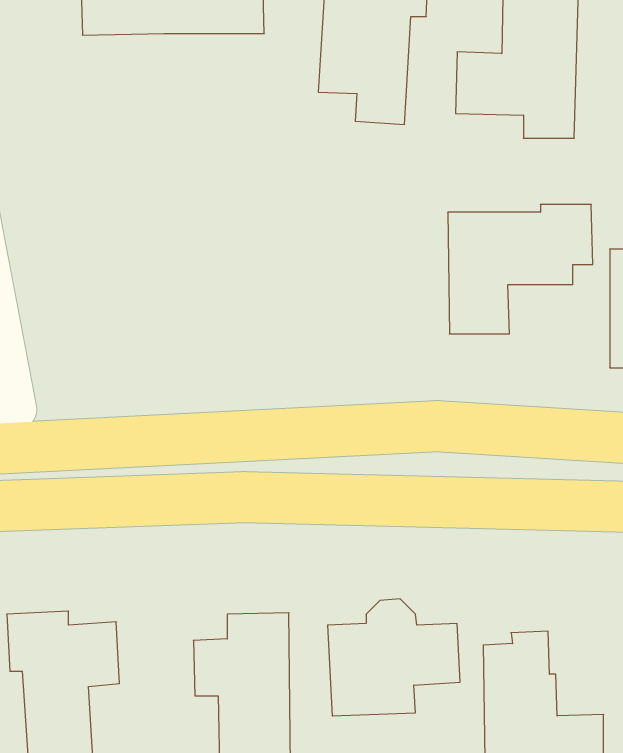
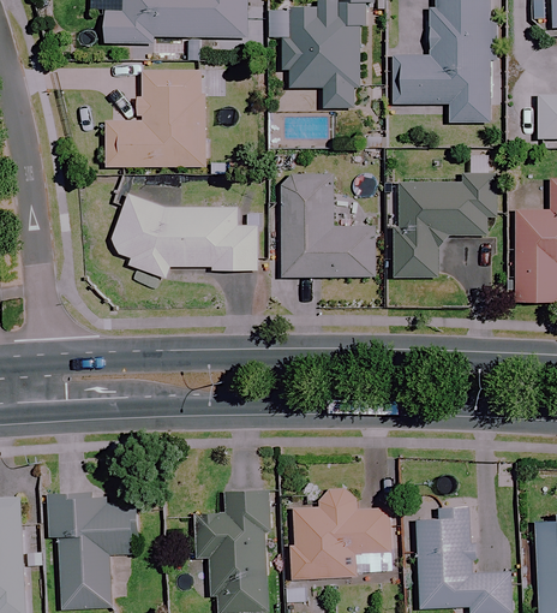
building: none -> [104,71,205,167]
building: none -> [282,175,375,276]
building: none -> [114,197,256,278]

